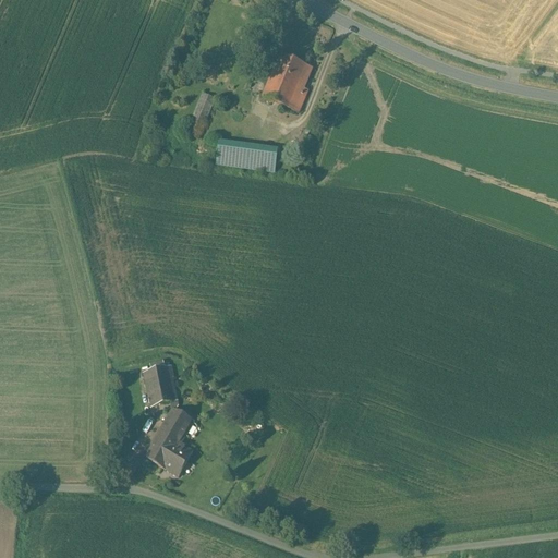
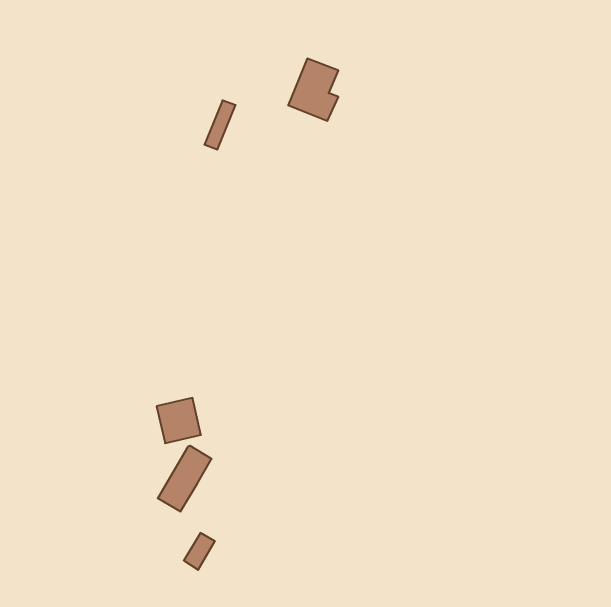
building: [217,142,277,170] -> none
building: [165,441,193,475] -> [184,533,215,570]

